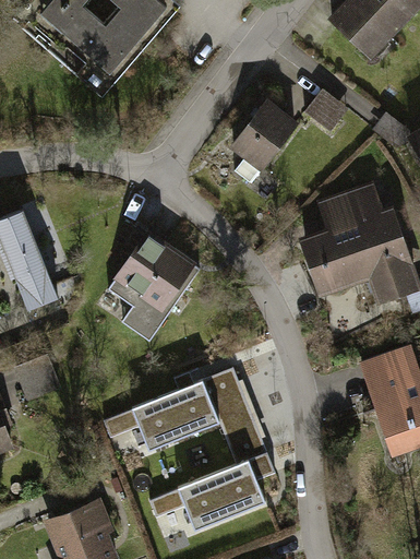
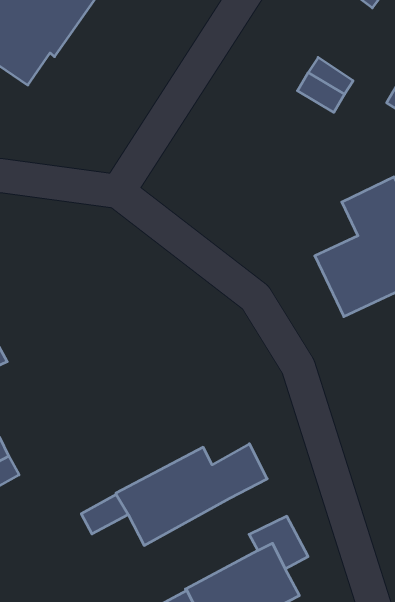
building: [232,103,293,182] -> none
building: [110,230,202,341] -> none
building: [218,408,261,450] -> none

